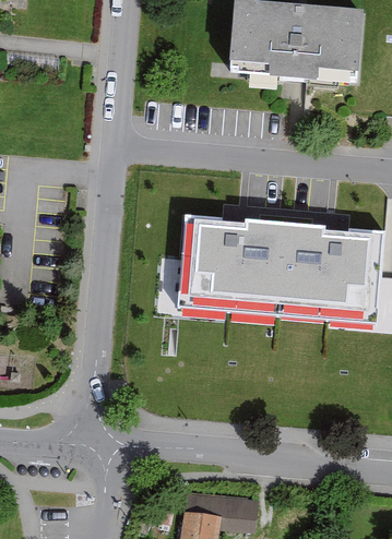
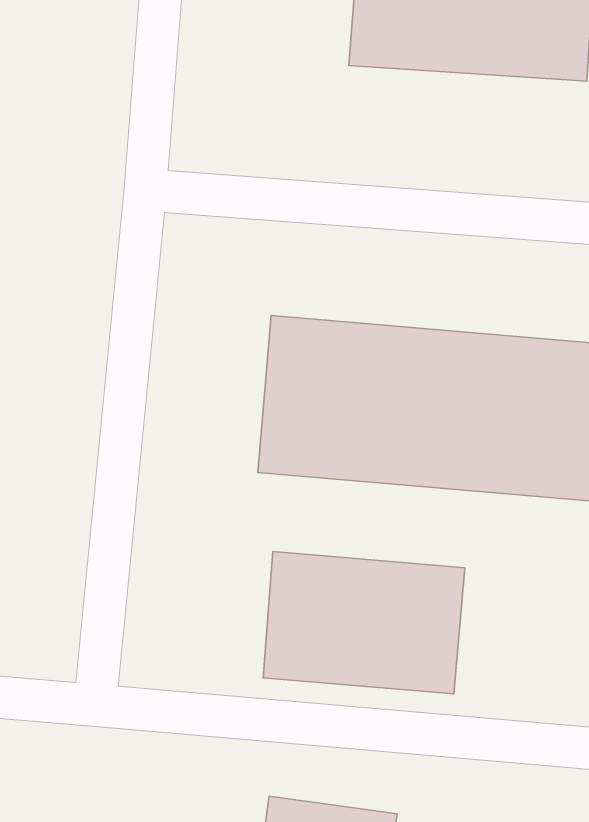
building: none -> [263,552,465,694]

